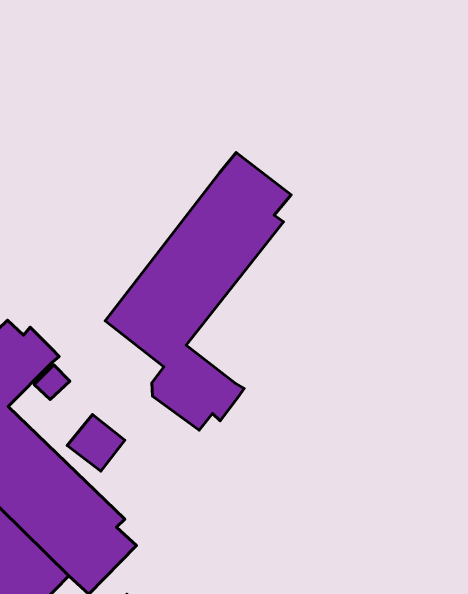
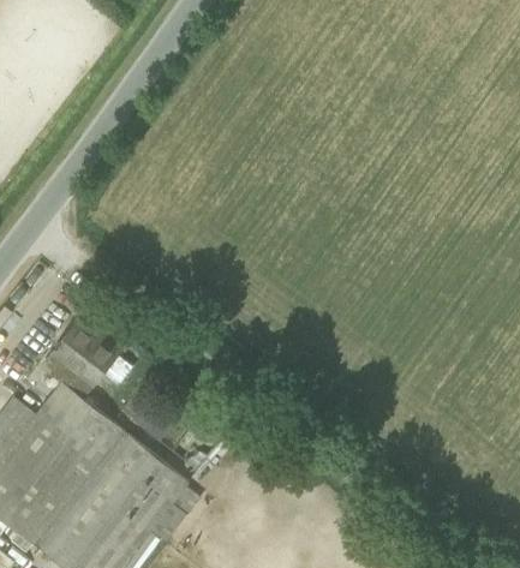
building: [105,152,291,430] -> none

